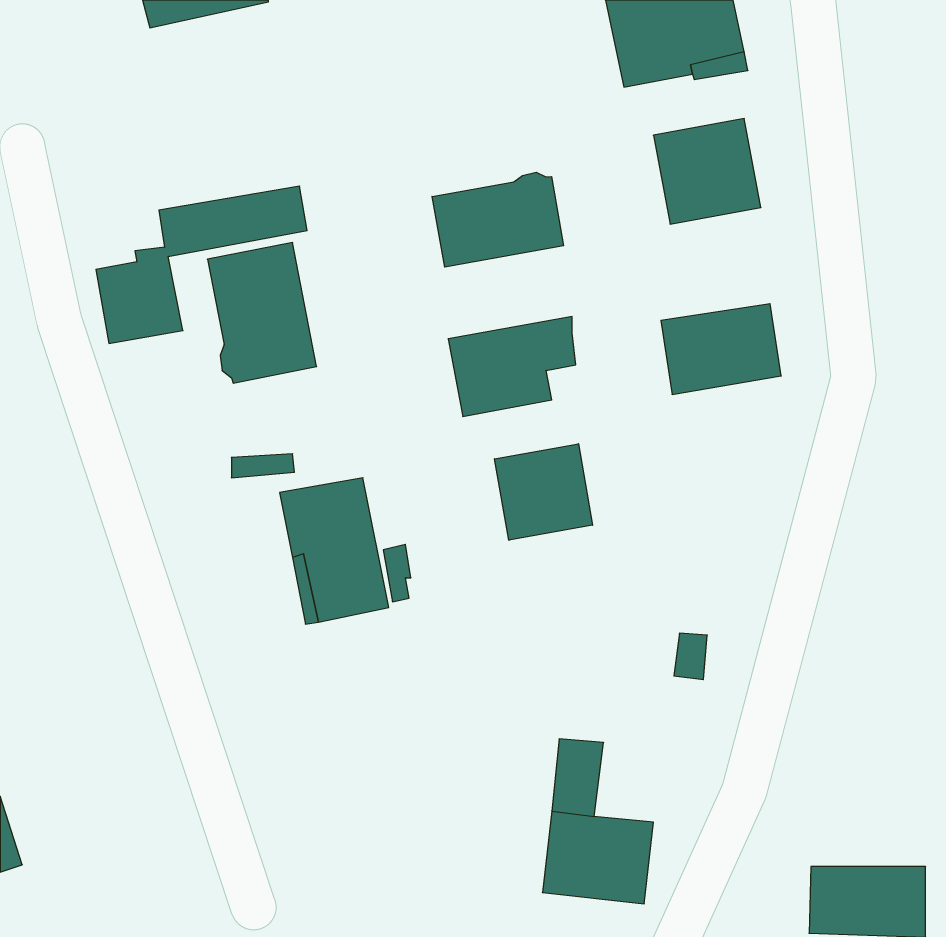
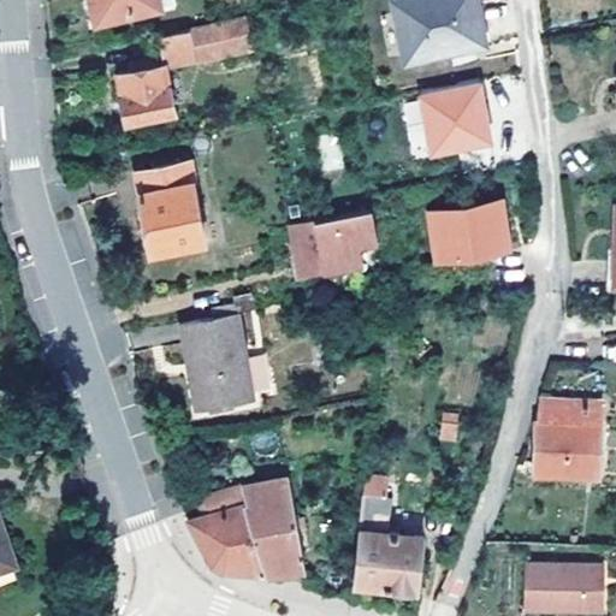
building: [432,172,563,267] -> none
building: [96,186,307,343] -> [118,22,255,124]
building: [495,444,593,540] -> none
building: none -> [534,404,599,479]
building: none -> [186,481,306,580]

